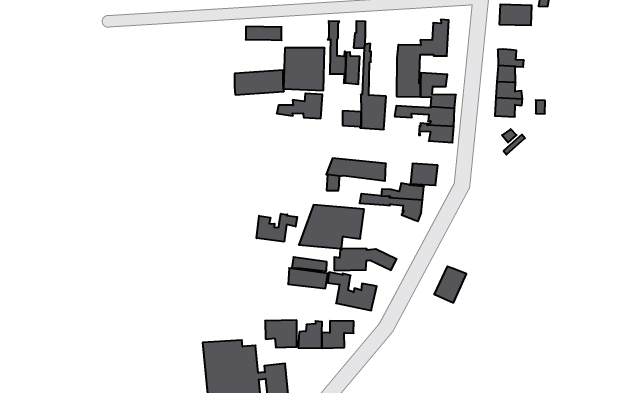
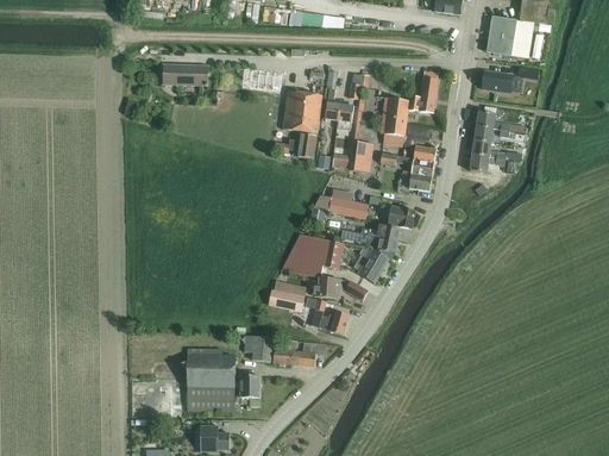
building: [235,70,284,95] -> [163,64,208,85]
building: [257,214,297,242] -> none
building: [434,266,466,303] -> [358,249,389,282]

